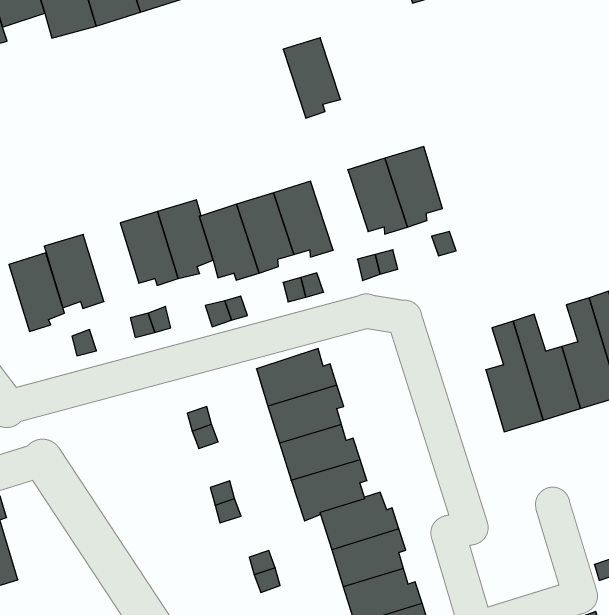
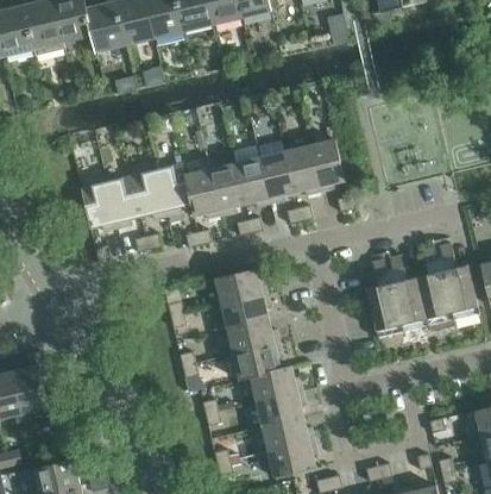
building: [283,38,341,118] -> [258,151,294,204]
building: [9,253,64,332] -> [106,176,140,227]

